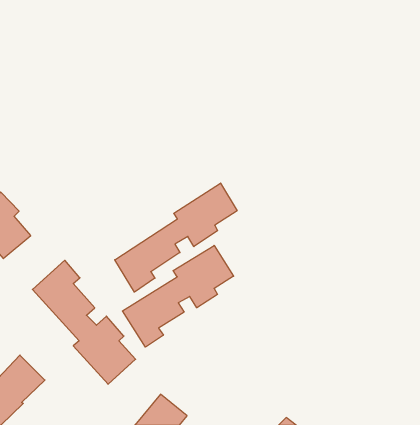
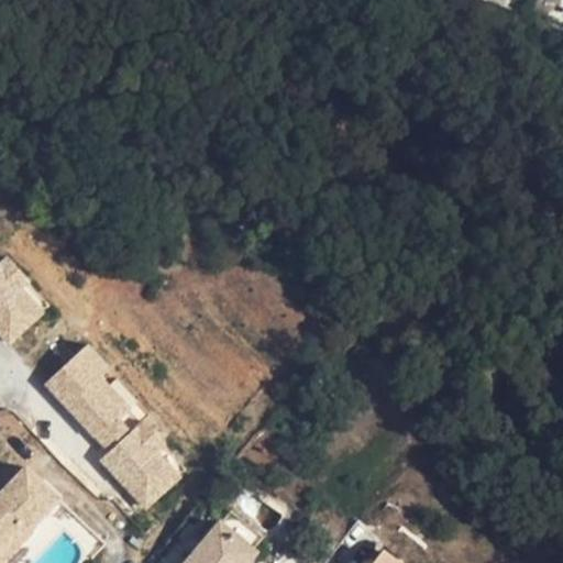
building: [115,183,237,292] -> none
building: [122,245,234,347] -> none

